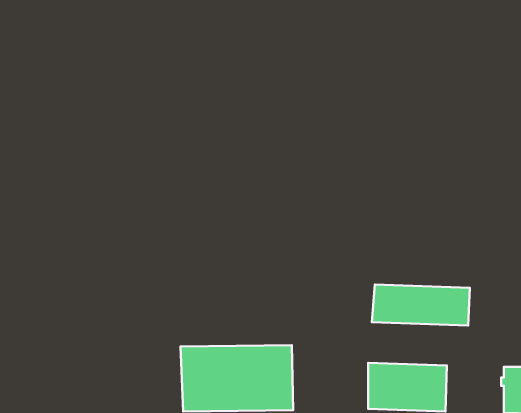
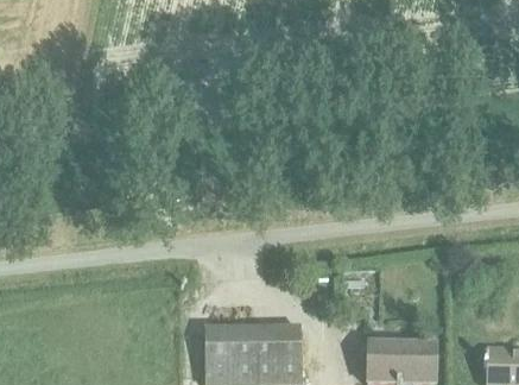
building: [372,285,470,325] -> none

